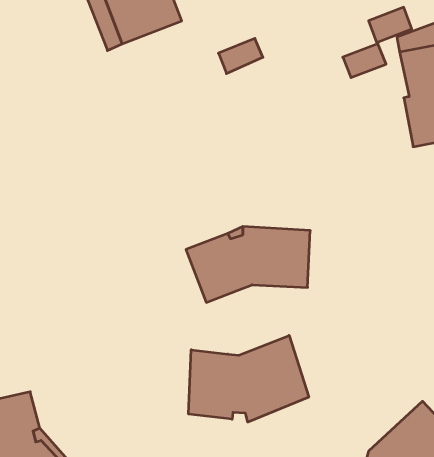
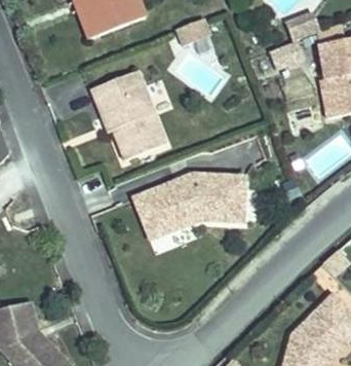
building: none -> [92,71,166,159]
building: [189,335,309,422] -> none

